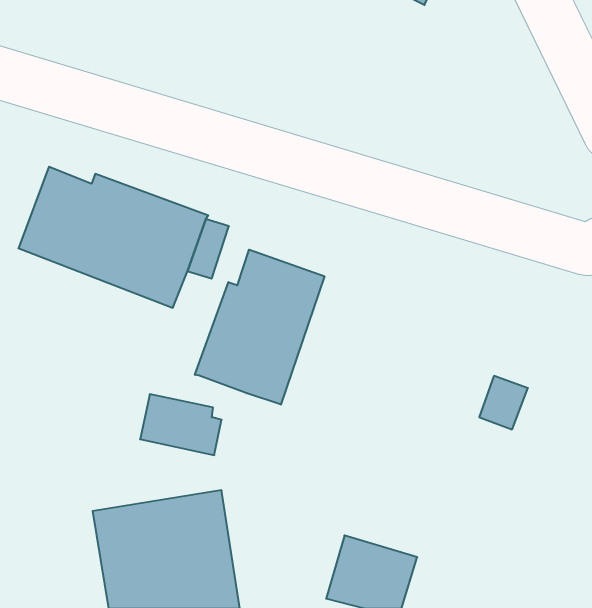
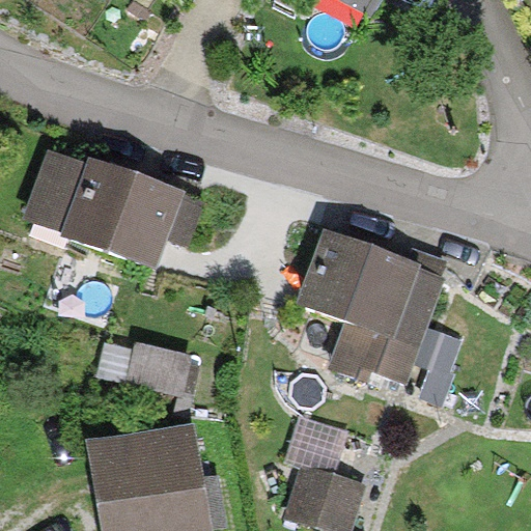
building: [195,250,324,405] -> none
building: none -> [297,229,445,384]

